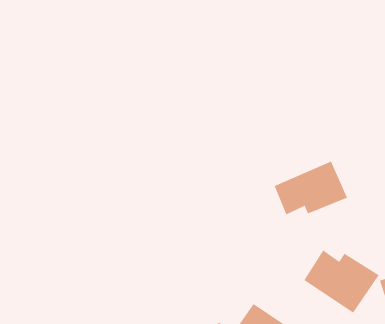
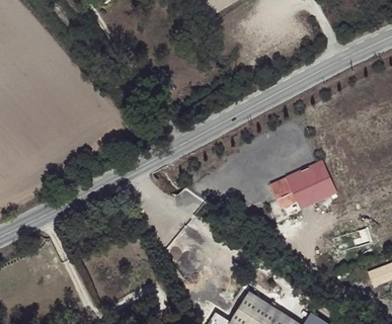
building: [304,250,379,314] -> none

